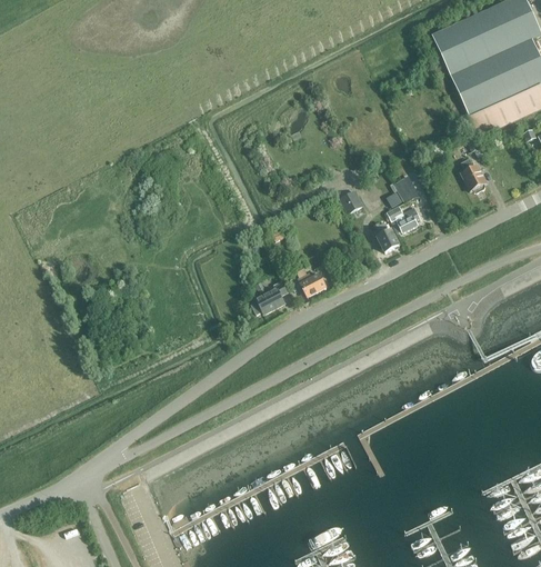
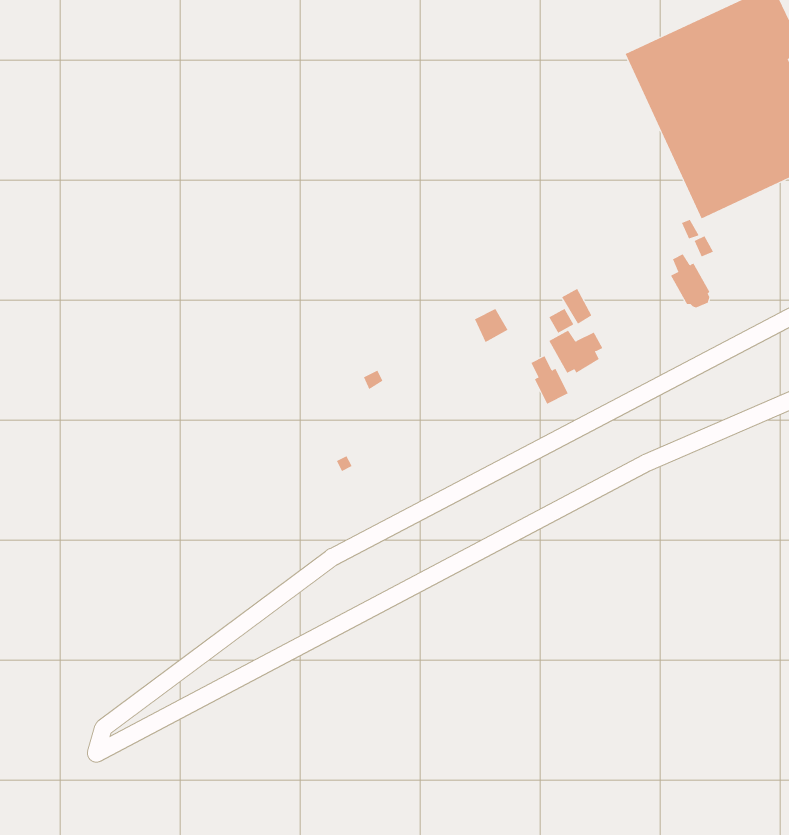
building: [294,262,325,295] -> none
building: [250,279,288,312] -> none

